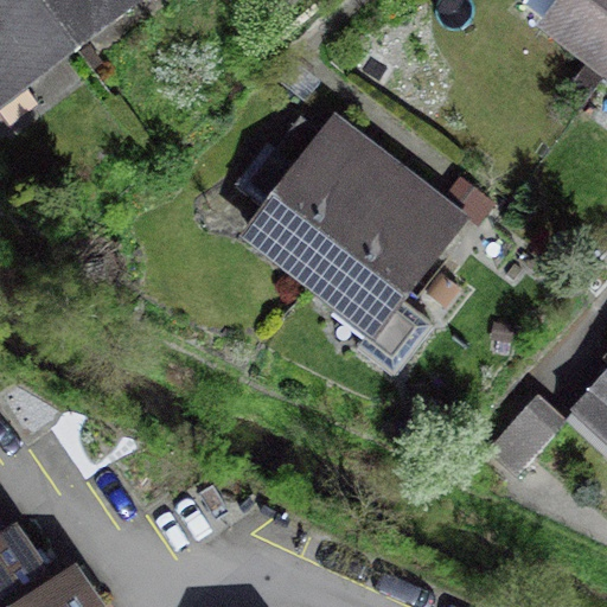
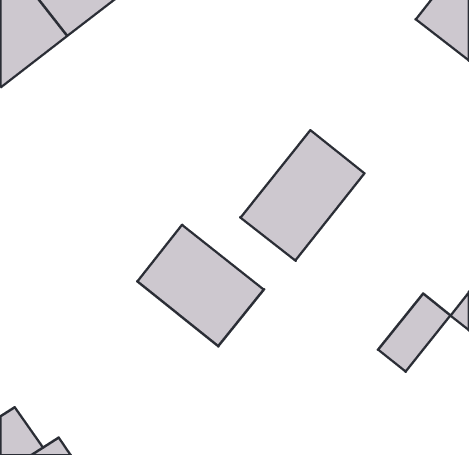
building: [242,114,401,281] -> none
building: none -> [137,225,264,346]

